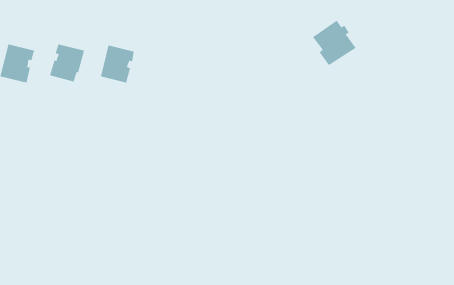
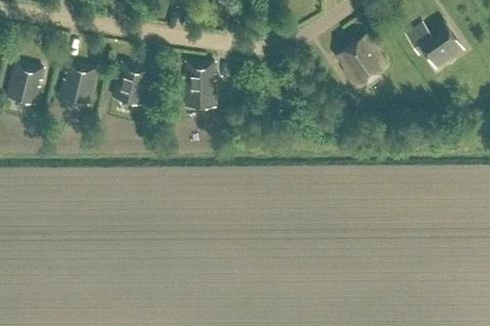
building: none -> [406,24,461,67]
building: none -> [185,64,215,107]

